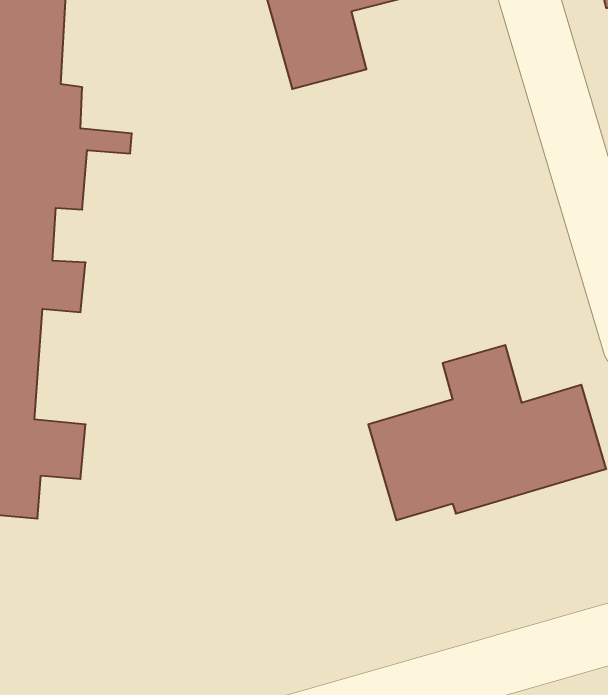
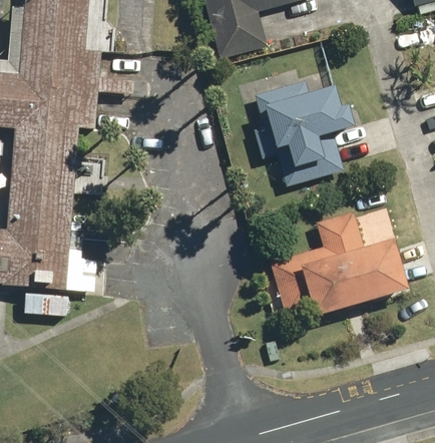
building: none -> [249,77,357,181]

